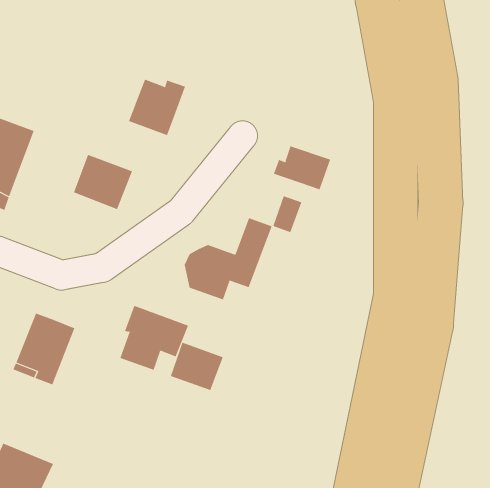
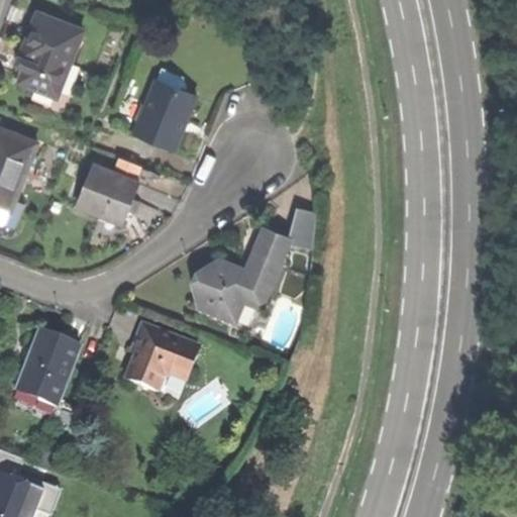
building: none -> [21,15,83,98]
building: [273,145,331,190] -> none
building: [170,342,223,391] -> none

